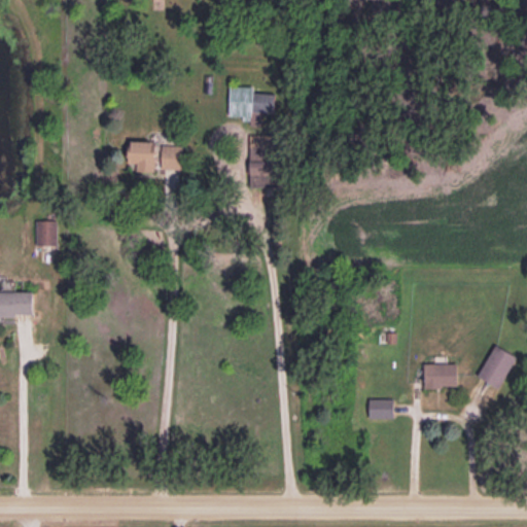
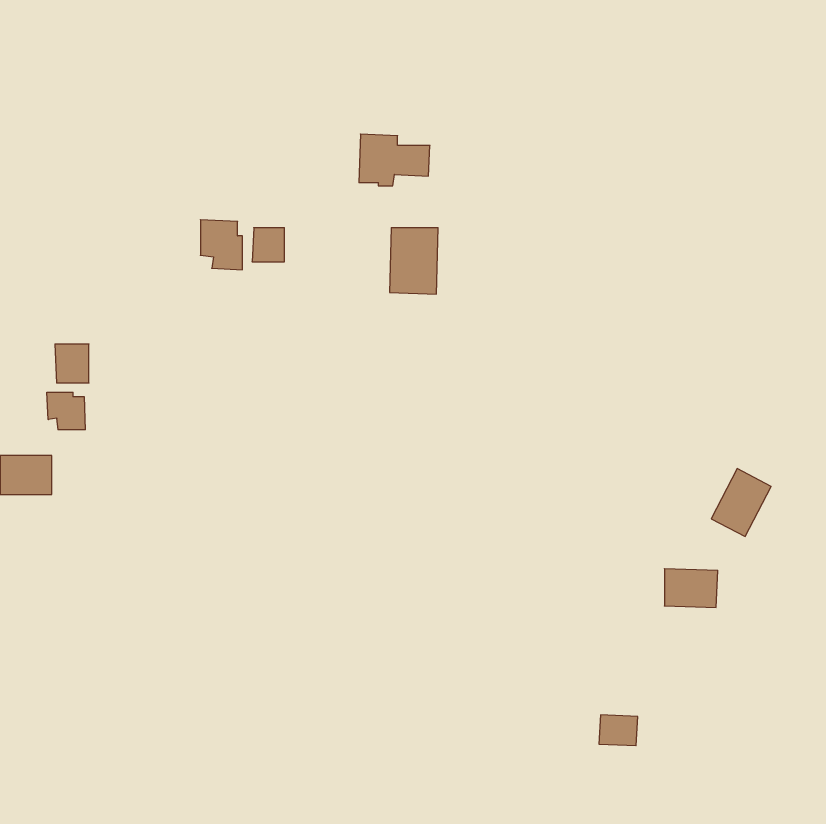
building: none -> [47,392,85,430]
building: [478,346,516,389] -> [711,469,771,536]
building: [368,399,393,419] -> [599,715,638,746]

